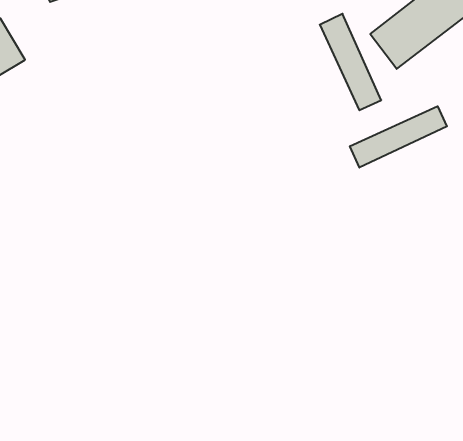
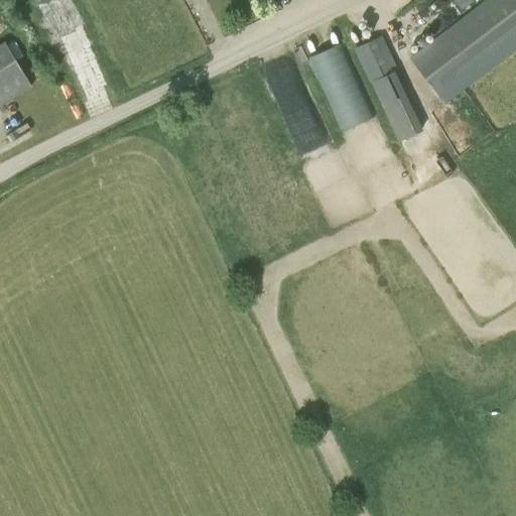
building: none -> [308,45,375,132]
building: [350,106,447,168] -> none

